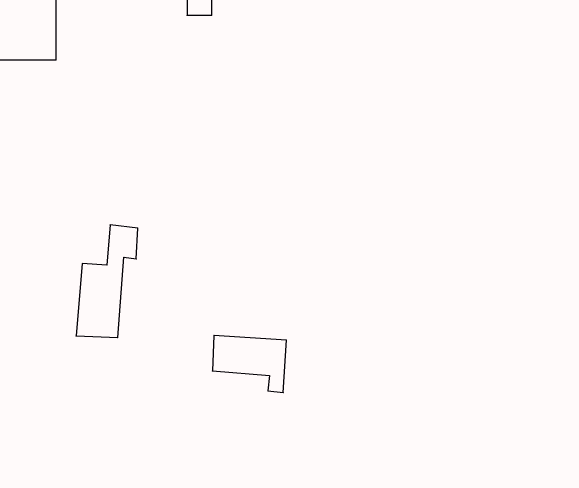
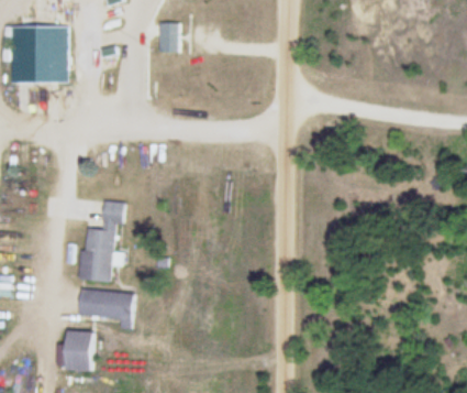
building: [212,335,286,393] -> [81,290,134,330]
building: none -> [68,331,94,371]

